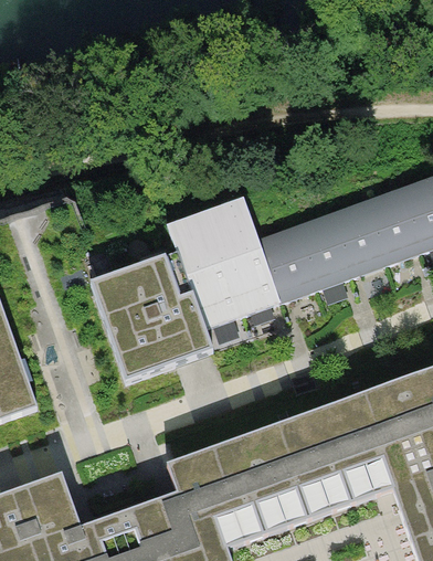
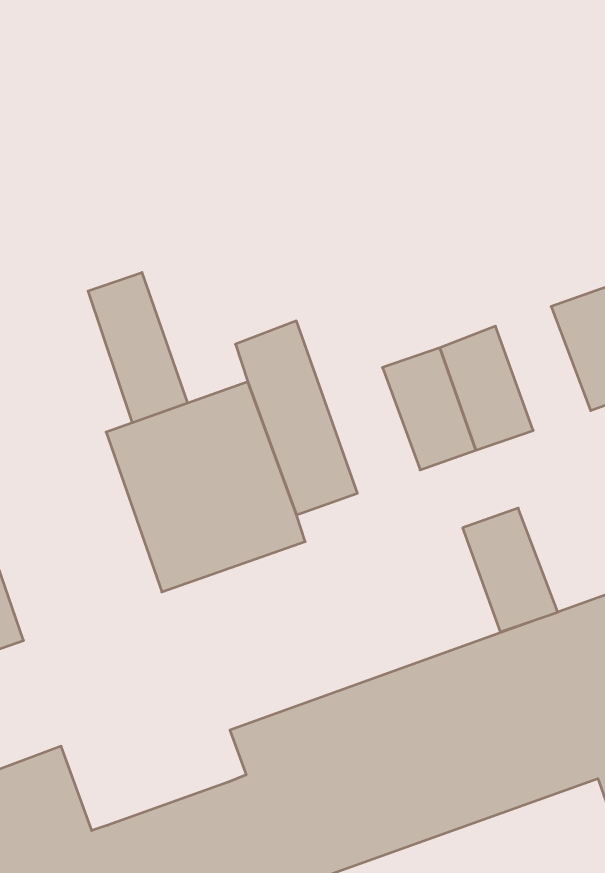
building: none -> [88,272,188,423]
building: [205,198,282,317] -> none
building: [328,202,387,278] -> [463,508,558,632]

